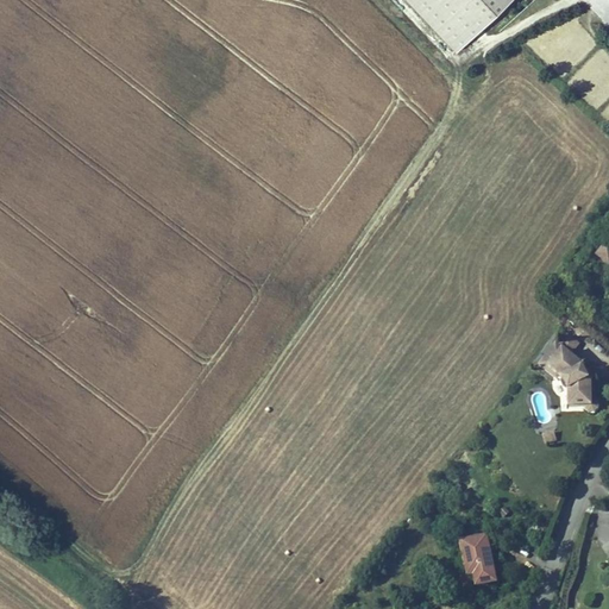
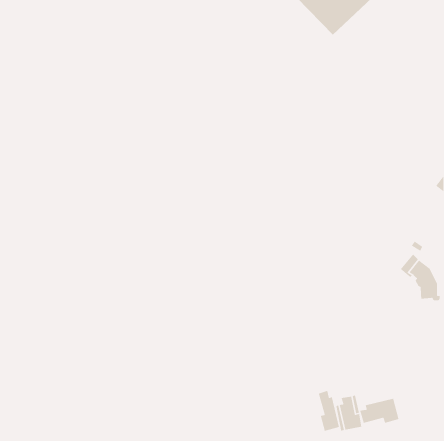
building: none -> [318,390,340,432]
building: none -> [359,398,399,424]

